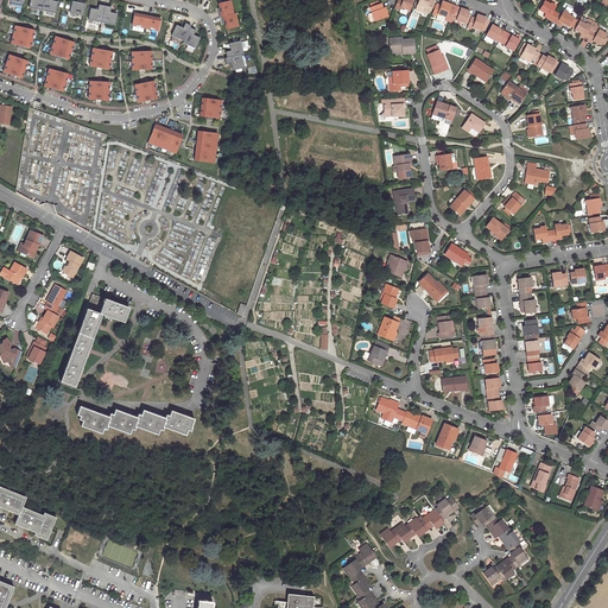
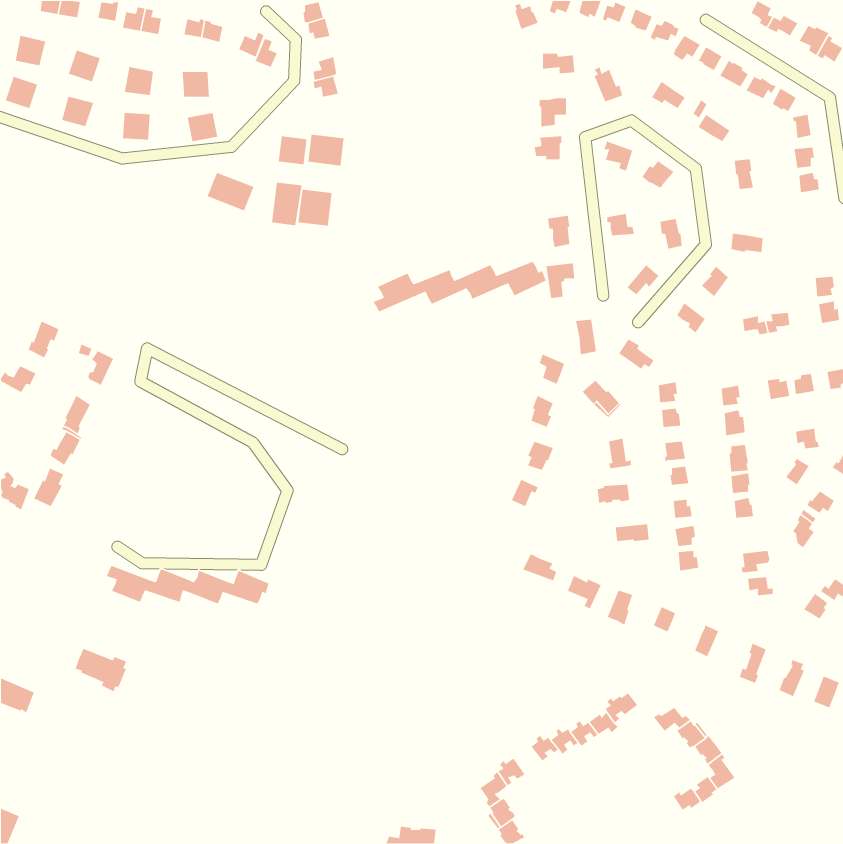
building: none -> [308,134,344,166]
building: none -> [298,189,333,227]
building: none -> [373,261,547,312]
building: [61,294,129,386] -> none
building: [17,507,55,539] -> [74,648,127,692]

